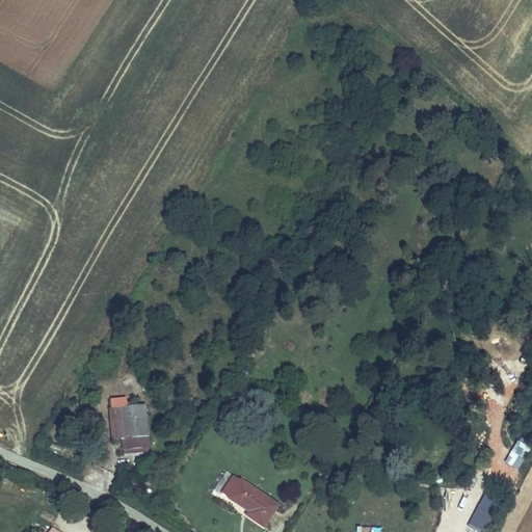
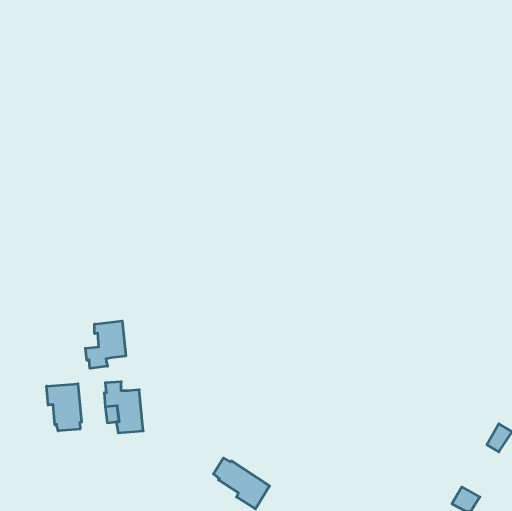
building: none -> [85,321,126,368]
building: none -> [47,384,82,431]

